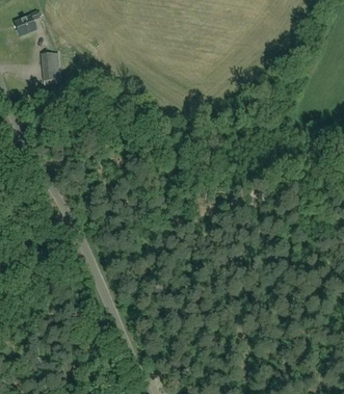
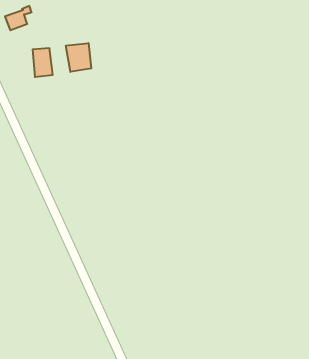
building: none -> [66,43,91,72]

